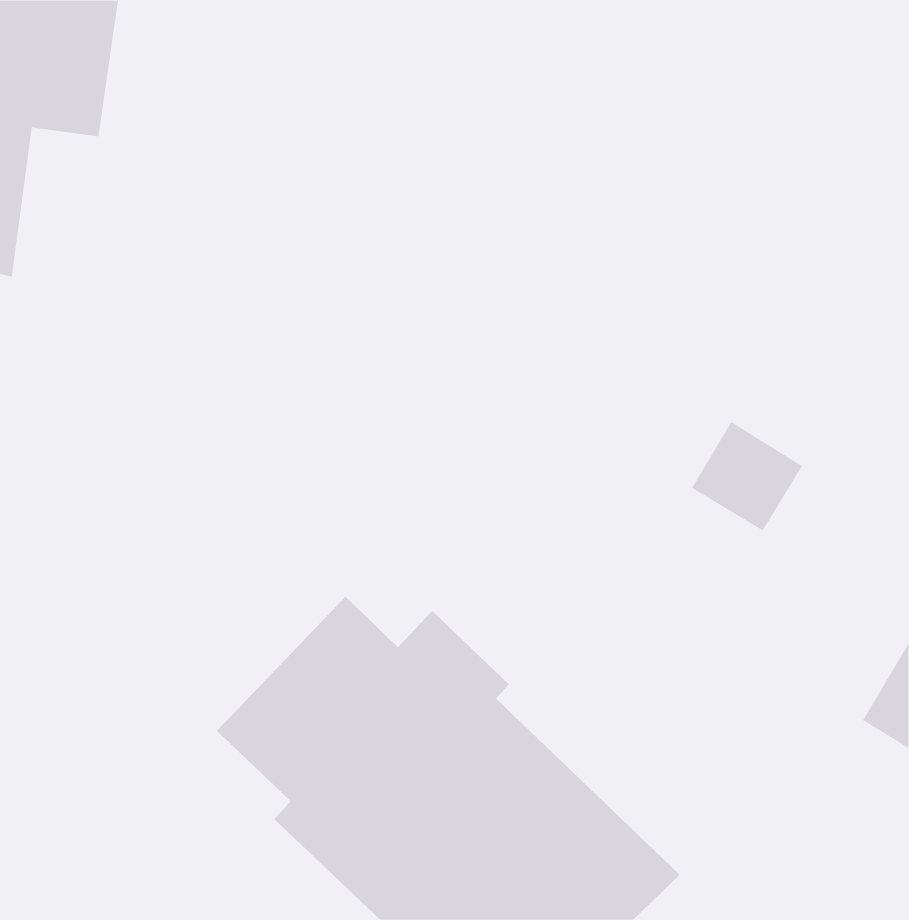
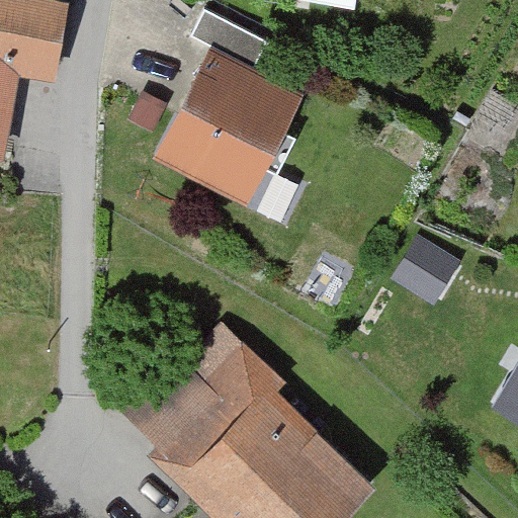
building: none -> [155,15,308,209]

